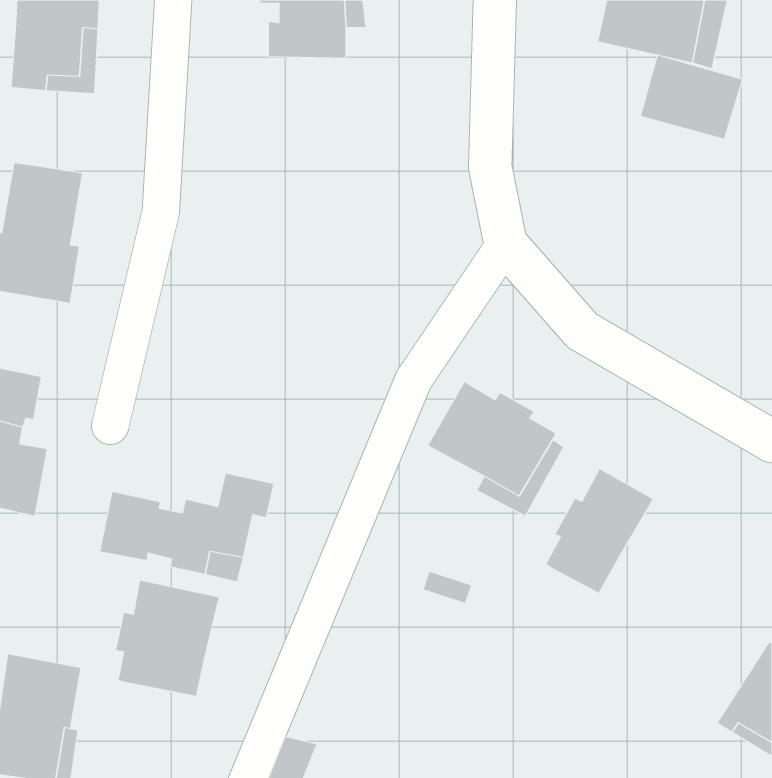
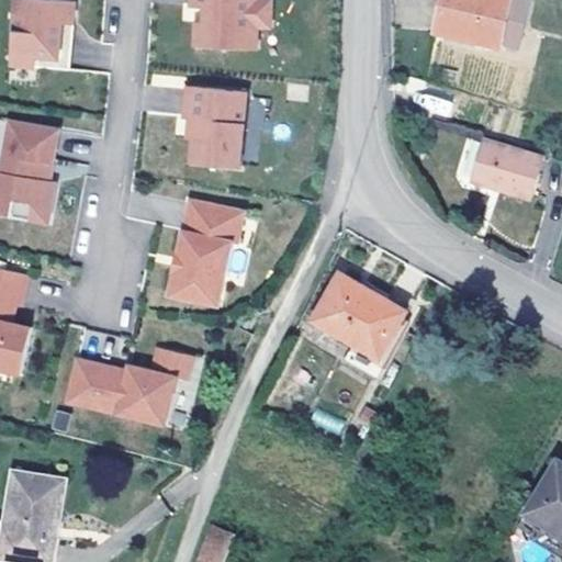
building: [640,55,743,139] -> [464,140,538,201]
building: none -> [182,83,246,165]
building: none -> [172,196,245,301]
building: [545,469,654,593] -> none
building: [115,580,219,697] -> none

